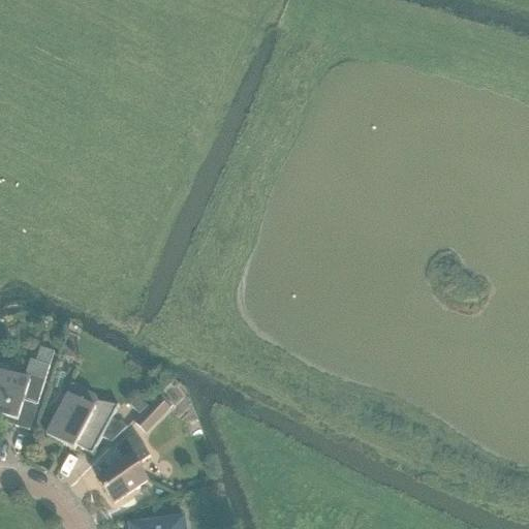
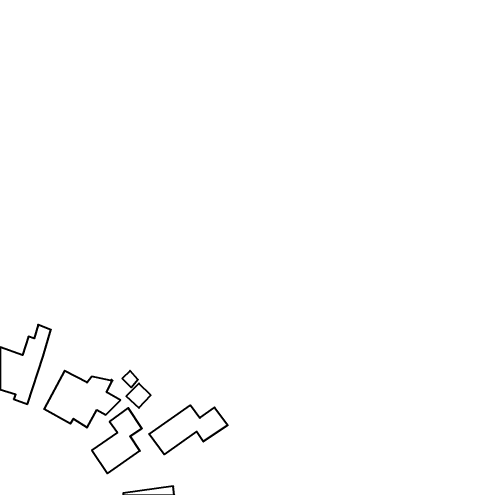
building: none -> [149,405,228,454]

